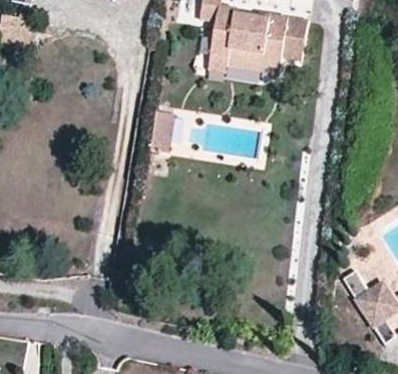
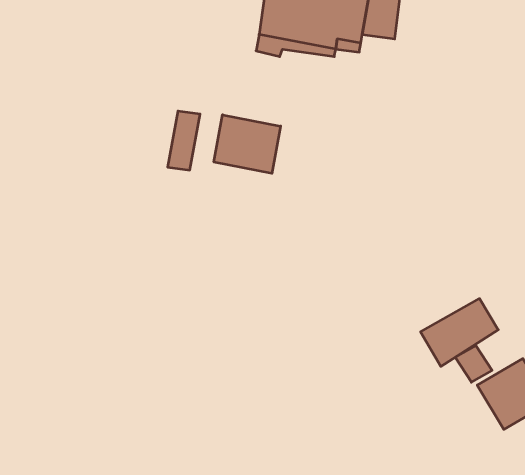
building: none -> [214,115,281,173]
building: none -> [421,299,498,366]

